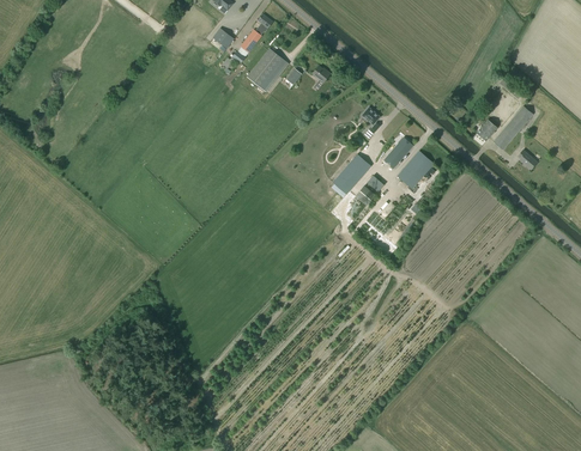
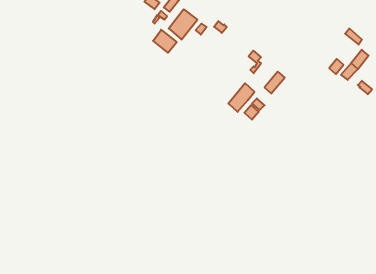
building: none -> [153,30,177,53]
building: [397,151,432,189] -> none

